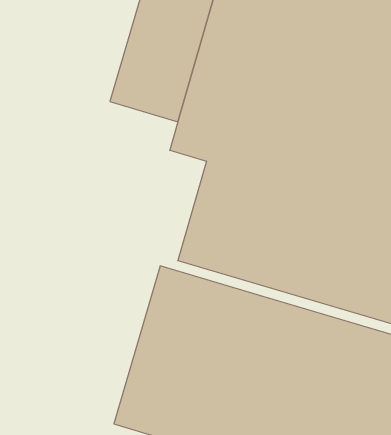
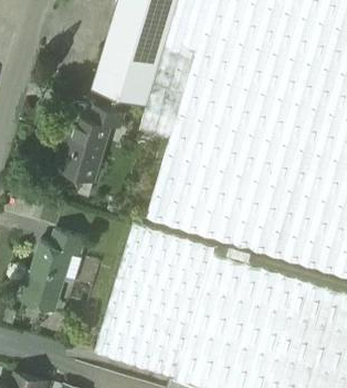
building: none -> [54,109,123,182]
building: none -> [20,230,84,311]

